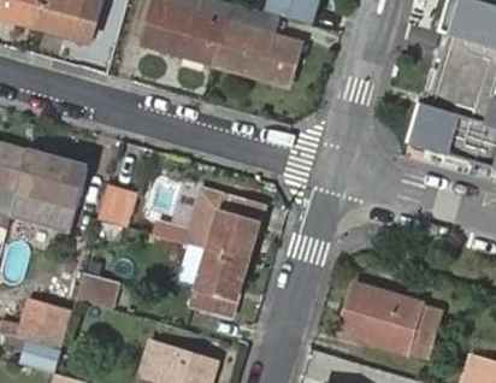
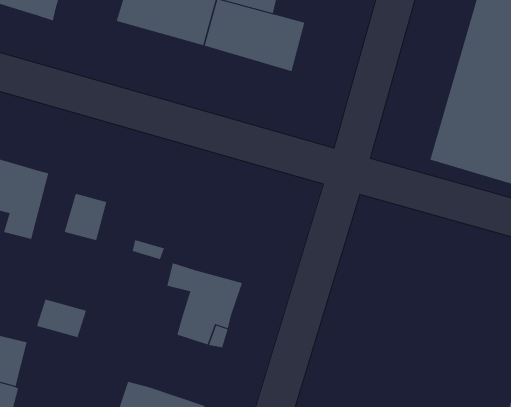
building: [184,188,262,260] -> none
building: [338,283,439,358] -> none

